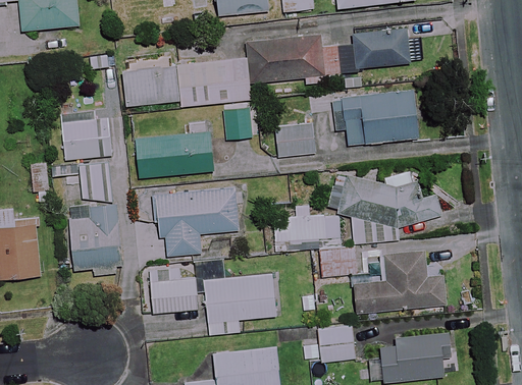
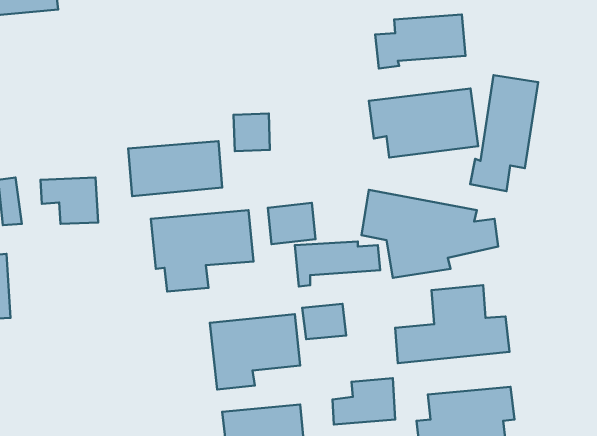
building: [123,36,336,107] -> none
building: none -> [470,75,538,191]
building: [61,117,113,160] -> none
building: [275,123,314,157] -> [268,203,315,244]
building: [67,205,124,274] -> none
building: [319,248,355,276] -> [302,304,346,339]
building: [148,265,197,313] -> none

